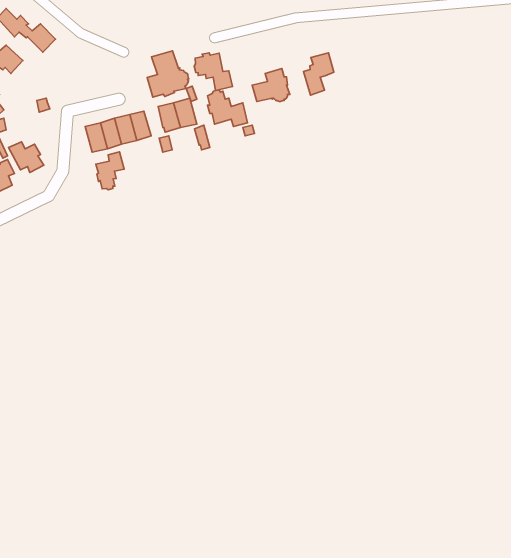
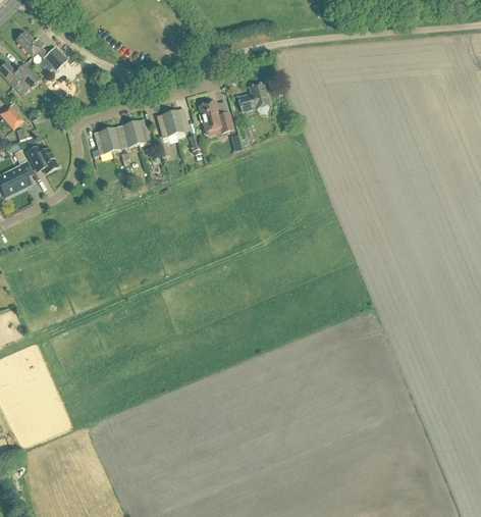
building: [147,51,189,97] -> none
building: [304,53,334,95] -> none
building: [194,53,232,91] -> none
building: [96,152,124,190] -> none

